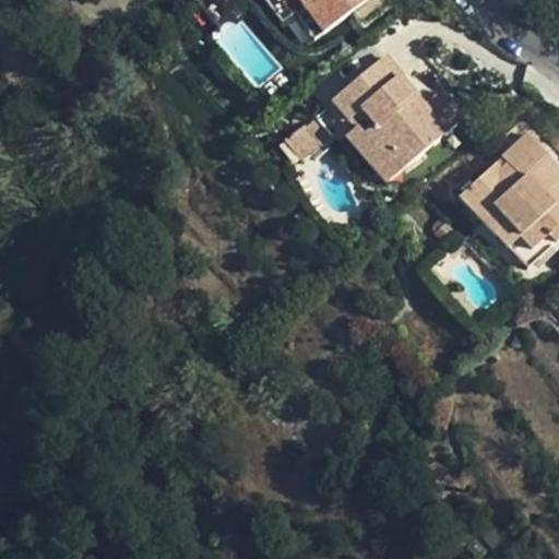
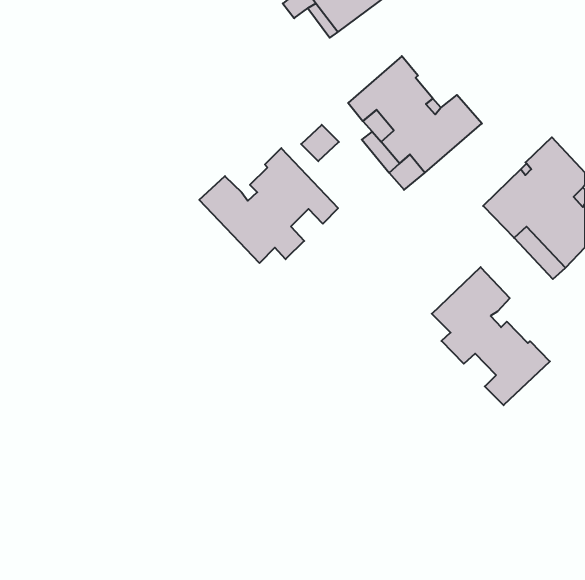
building: none -> [199,148,338,263]
building: none -> [432,267,550,405]

